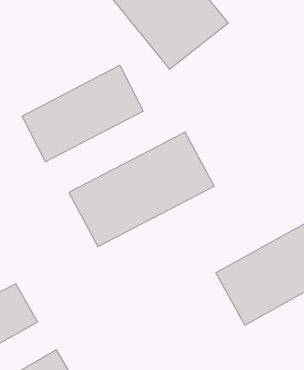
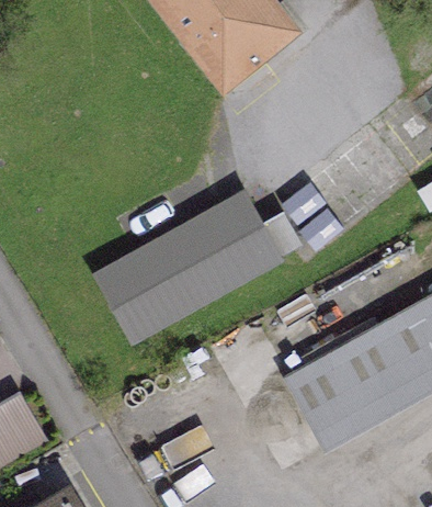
building: [22,65,143,162] -> none

